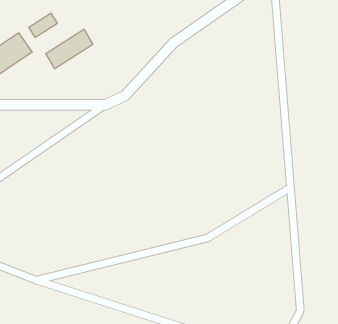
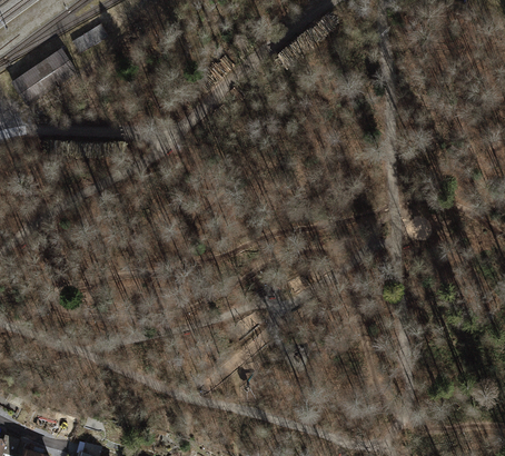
building: [46,29,93,69] -> none

